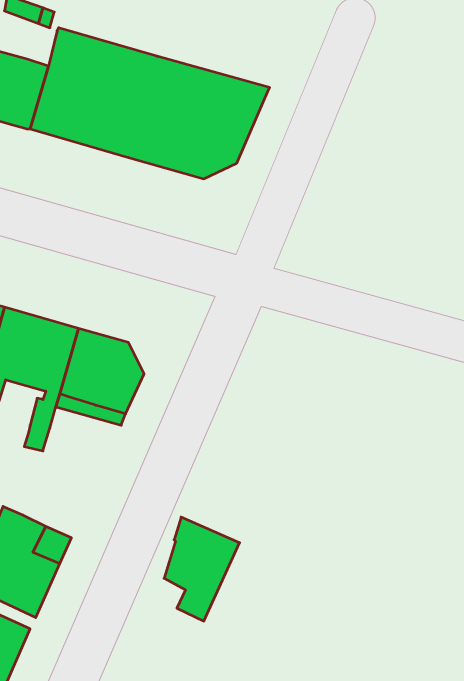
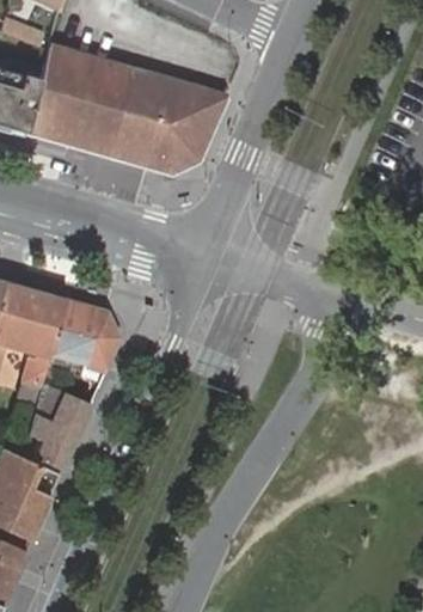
building: [164,517,240,621] -> [29,384,92,471]

